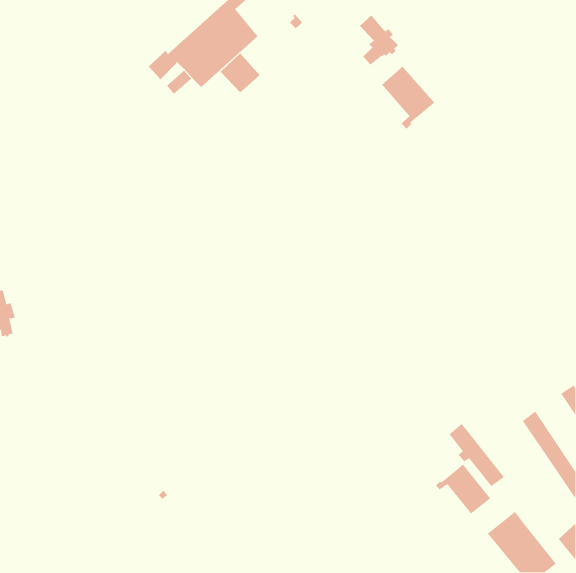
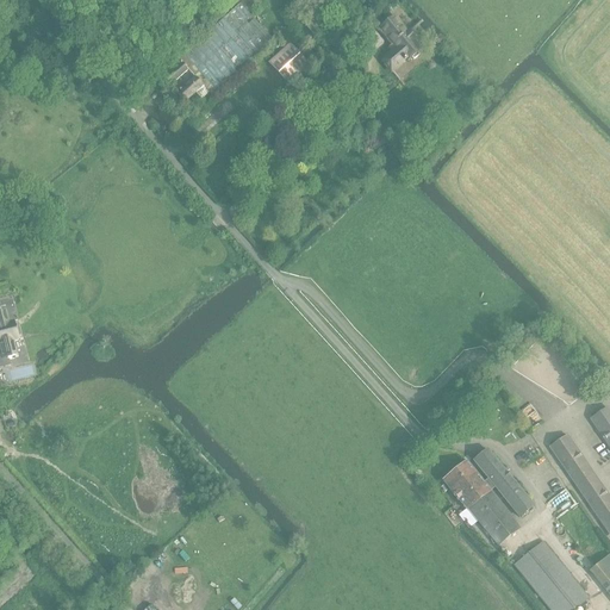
building: [220,53,261,93] -> [268,41,311,83]
building: [381,66,435,130] -> none
building: none -> [442,460,490,509]

